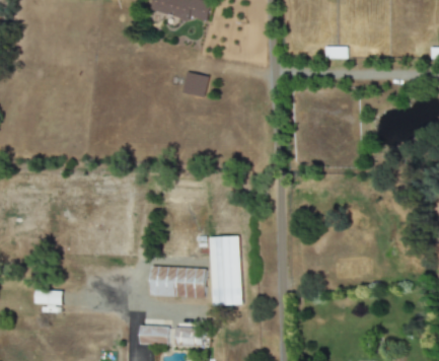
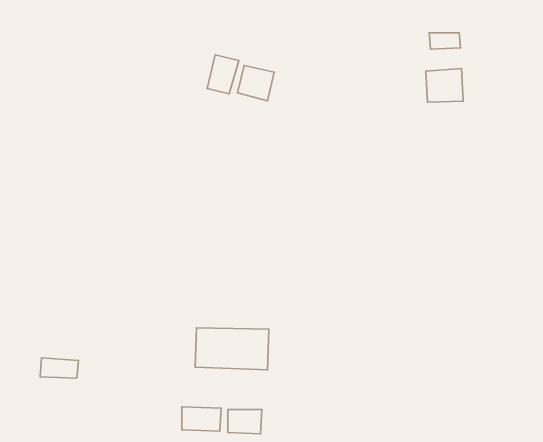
building: none -> [207,55,239,94]
building: none -> [426,68,463,102]
building: [210,236,241,305] -> none

